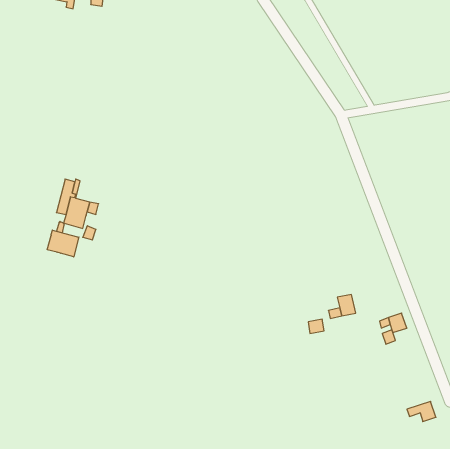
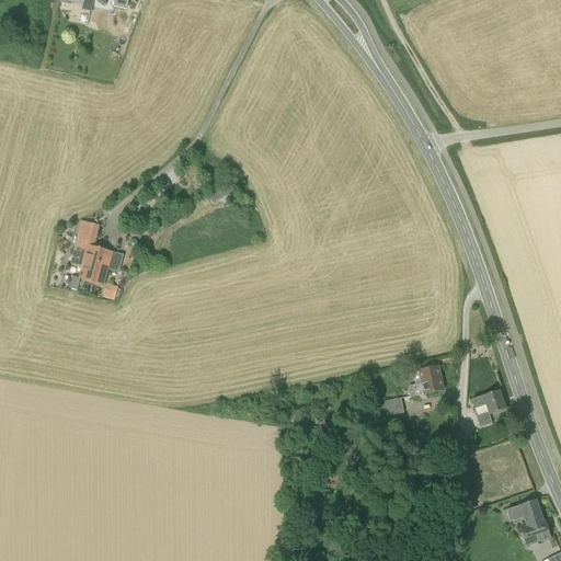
building: [47,230,79,257] -> none
building: none -> [520,517,549,543]

